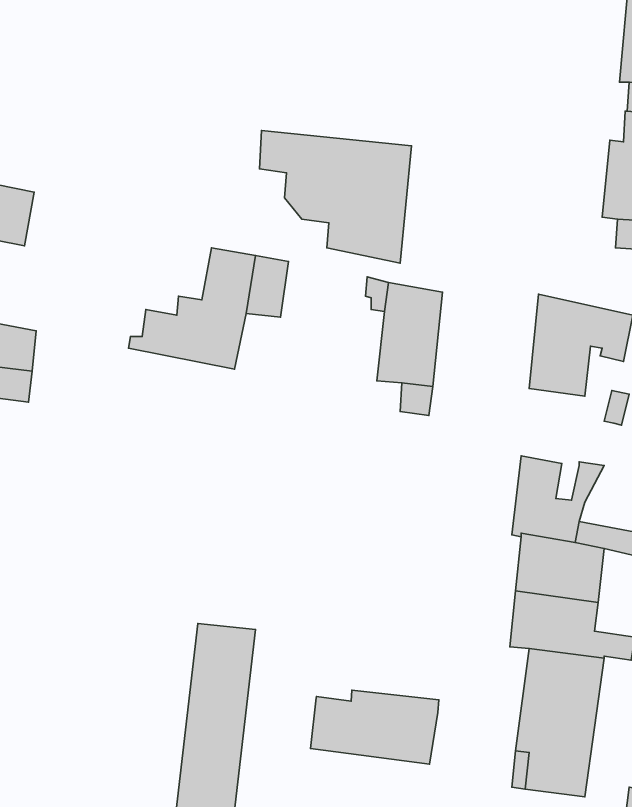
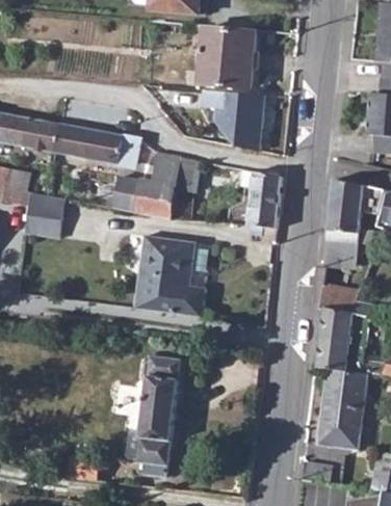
building: none -> [198,29,255,88]
building: none -> [54,123,138,164]
building: none -> [322,229,357,270]
building: none -> [131,236,202,317]
building: [310,690,439,764] -> none

